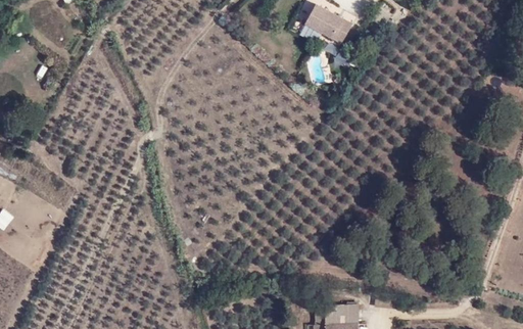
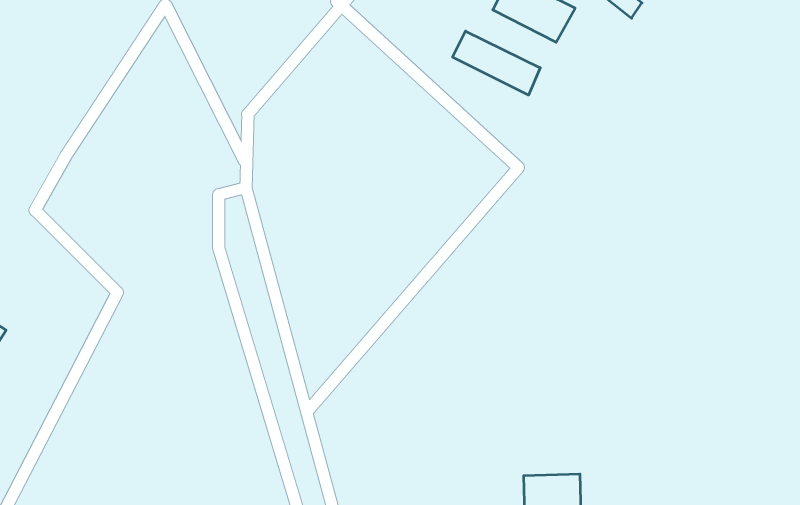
building: none -> [453,31,540,95]

